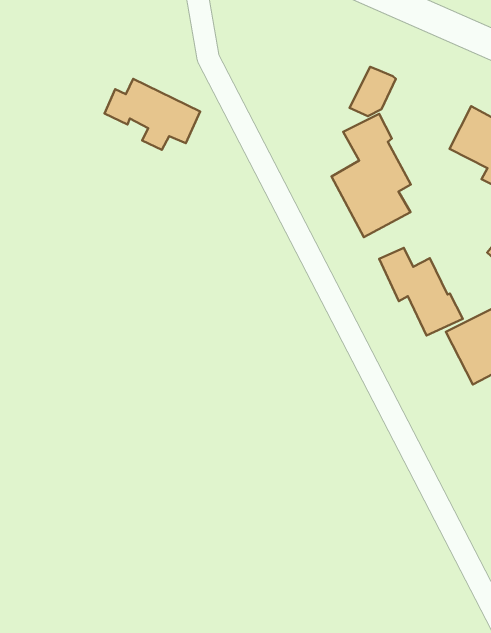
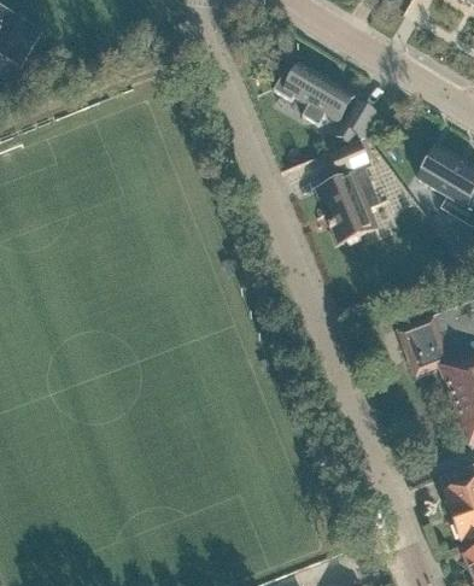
building: [105,79,200,150] -> [274,63,353,124]
building: [379,248,463,336] -> none

